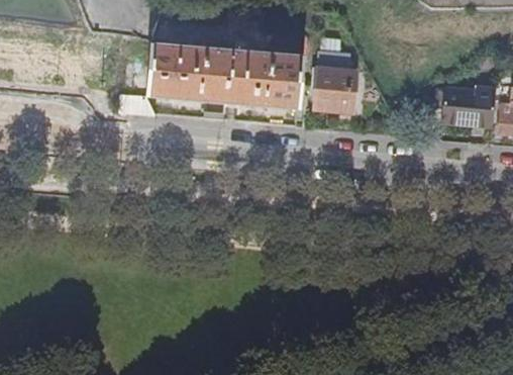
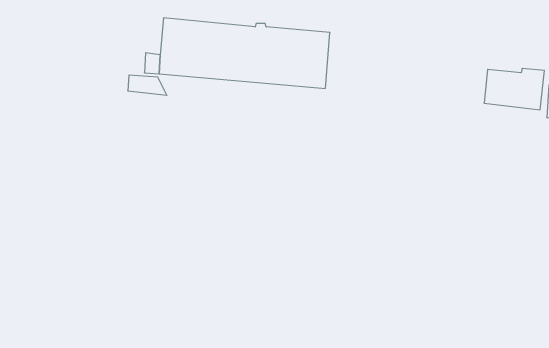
building: [316,53,360,111] -> none

